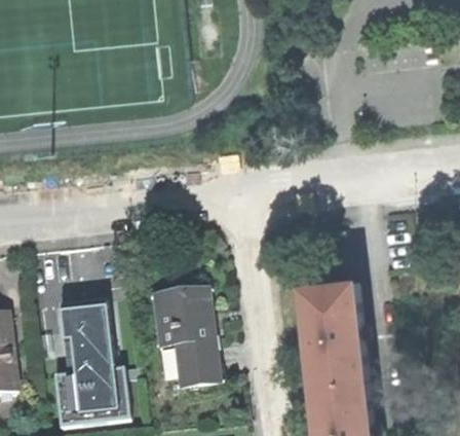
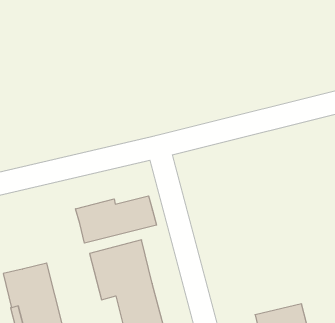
building: none -> [76,196,157,243]
building: [306,280,367,384] -> none

